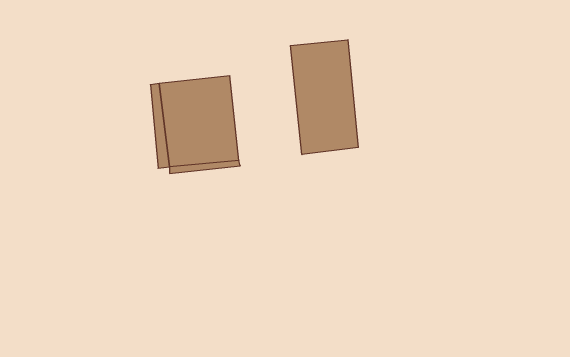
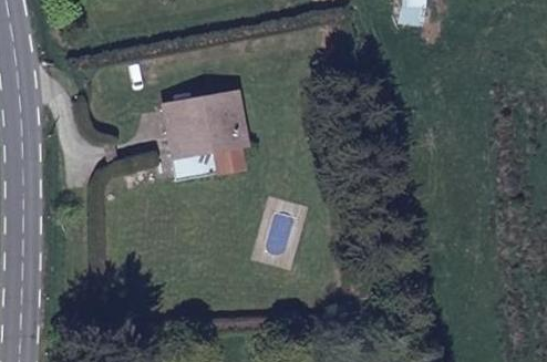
building: [290,40,358,155] -> none

